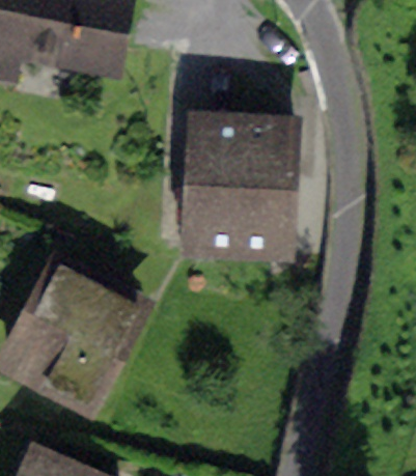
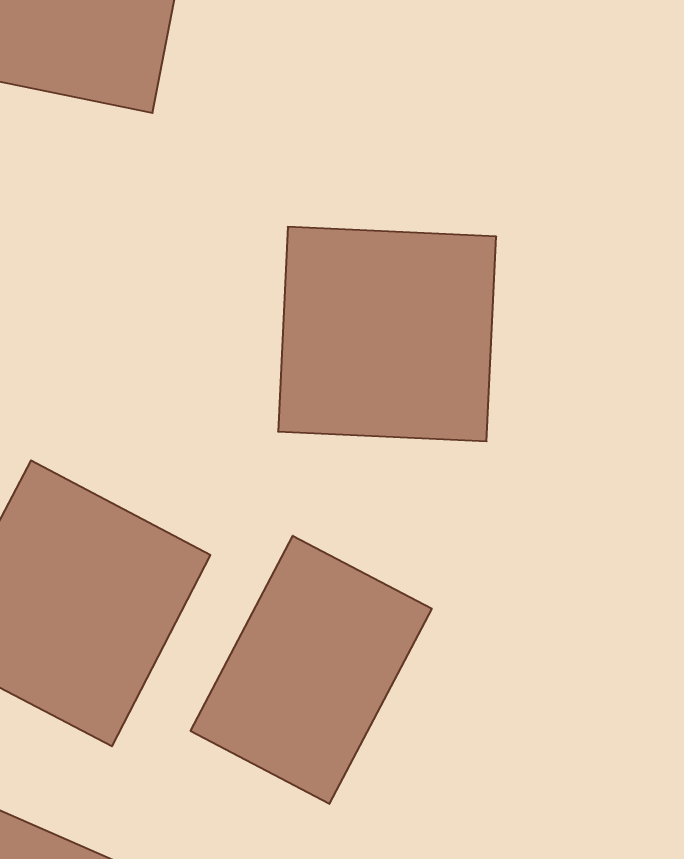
building: none -> [191,536,432,804]

